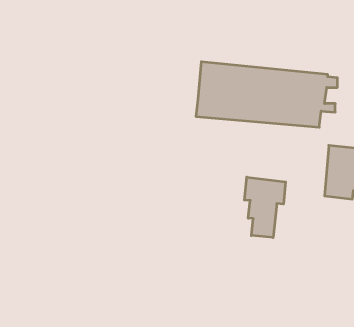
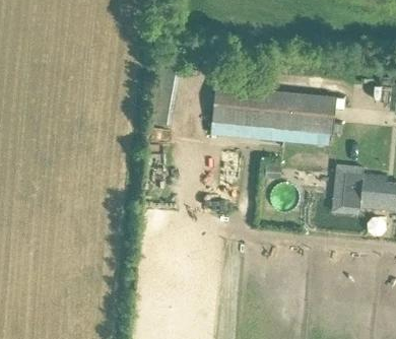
building: [244,177,286,238] -> none

